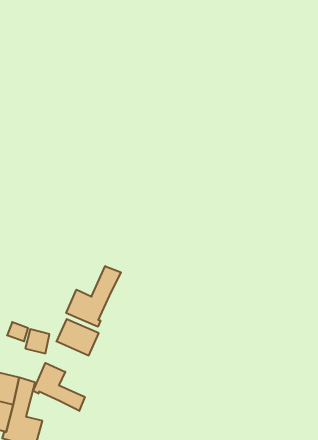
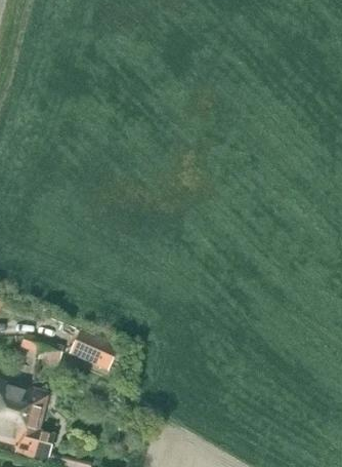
building: [66,266,121,327] -> none
building: [33,363,85,411] -> none

